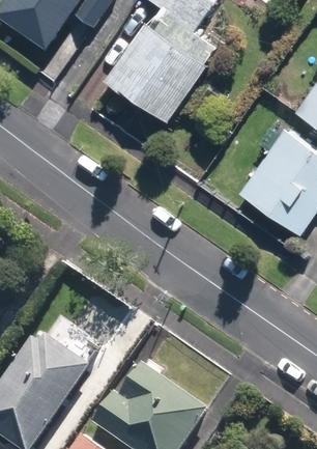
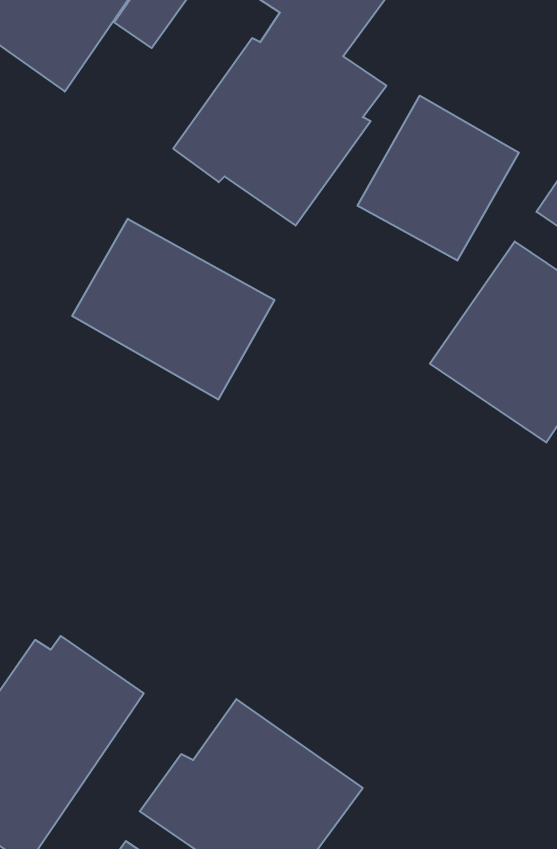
building: none -> [358,96,519,261]
building: none -> [72,219,274,400]

